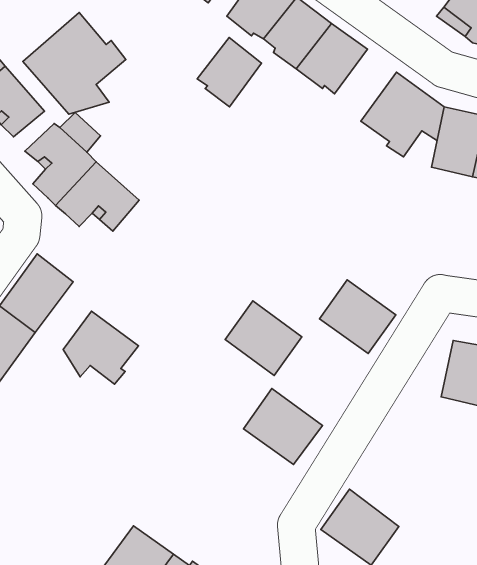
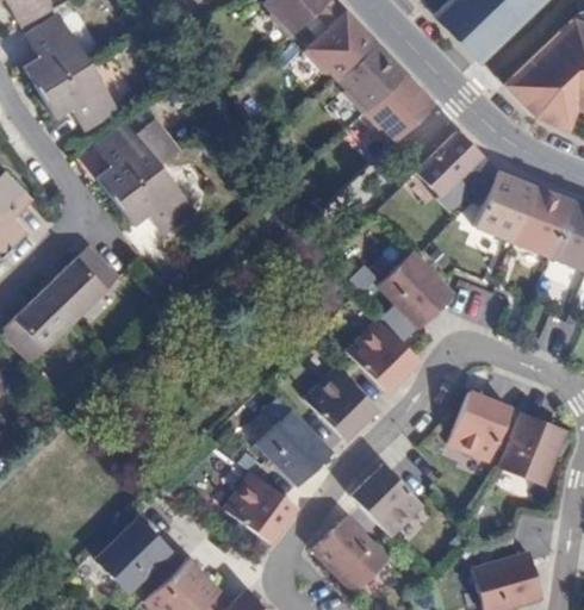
building: [23,13,126,114] -> none
building: [197,38,261,107] -> none
building: none -> [379,253,453,328]
building: [225,301,302,375] -> [304,367,377,441]
building: [63,311,138,384] -> none
building: none -> [352,465,423,537]
building: none -> [224,473,297,544]

